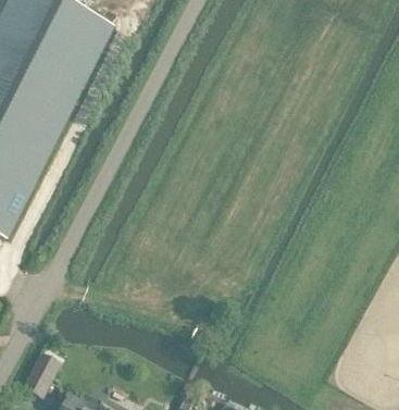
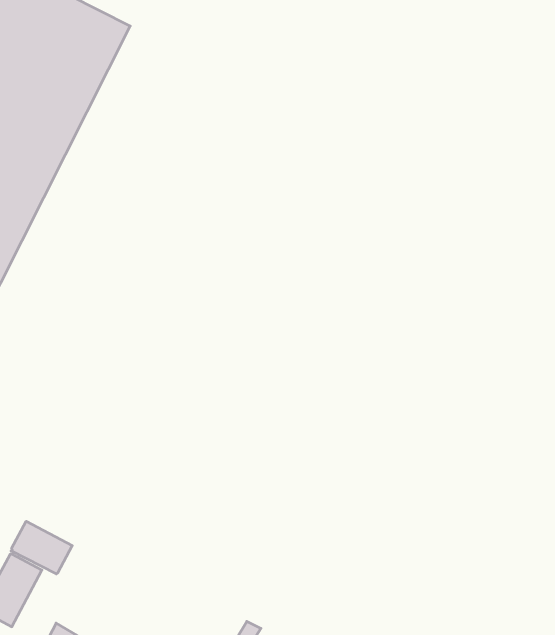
building: none -> [11,521,72,574]

